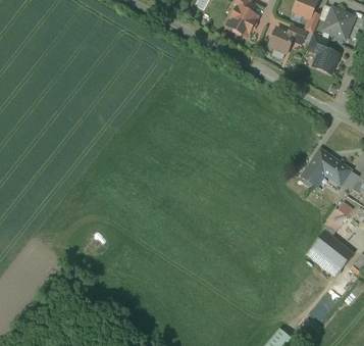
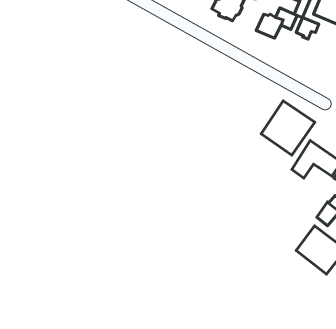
building: [312,46,339,73] -> none
building: none -> [261,101,315,155]

